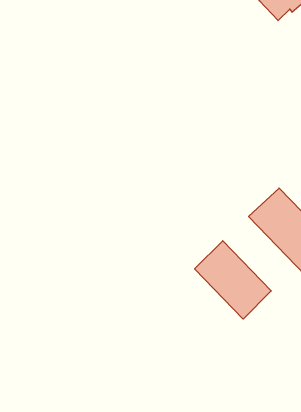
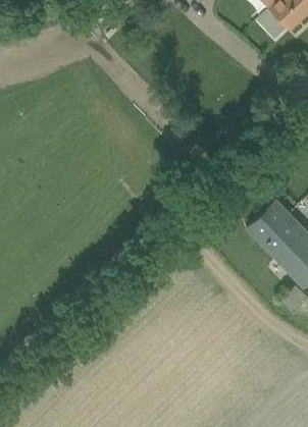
building: [195,241,271,319] -> none

